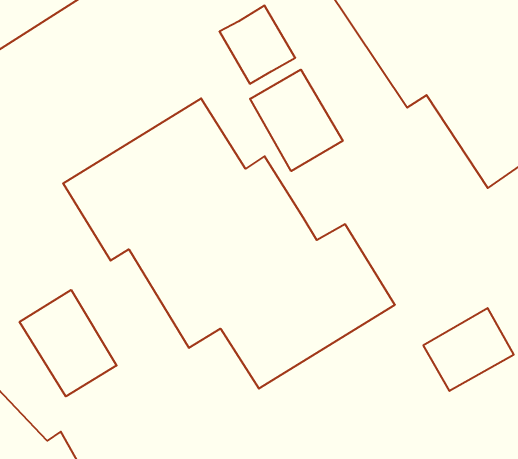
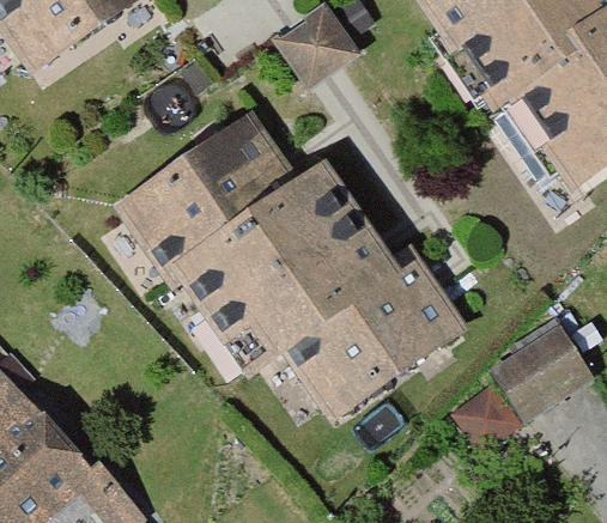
building: [250,70,343,171] -> none
building: [20,290,117,396] -> none

